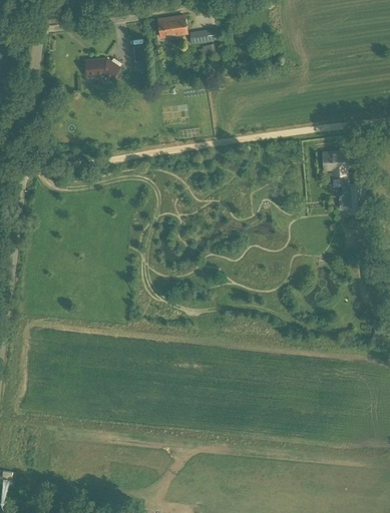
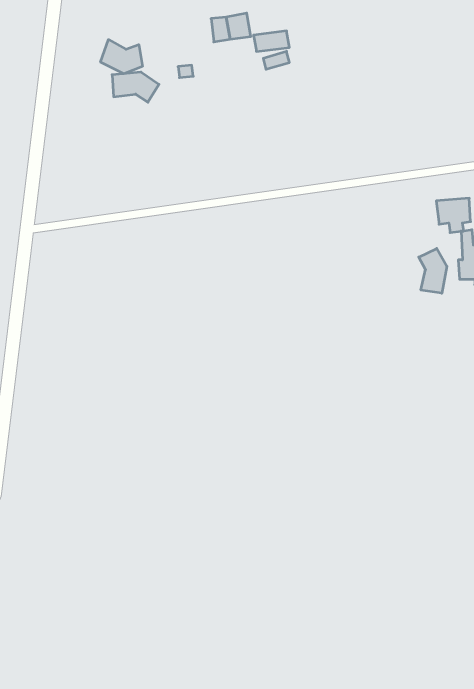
building: none -> [101,40,142,74]
building: none -> [419,248,447,293]

